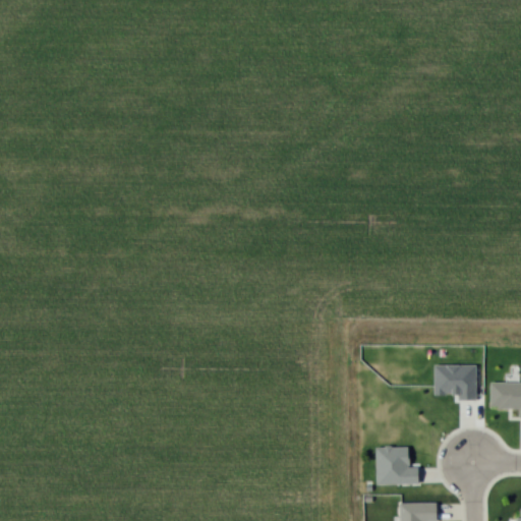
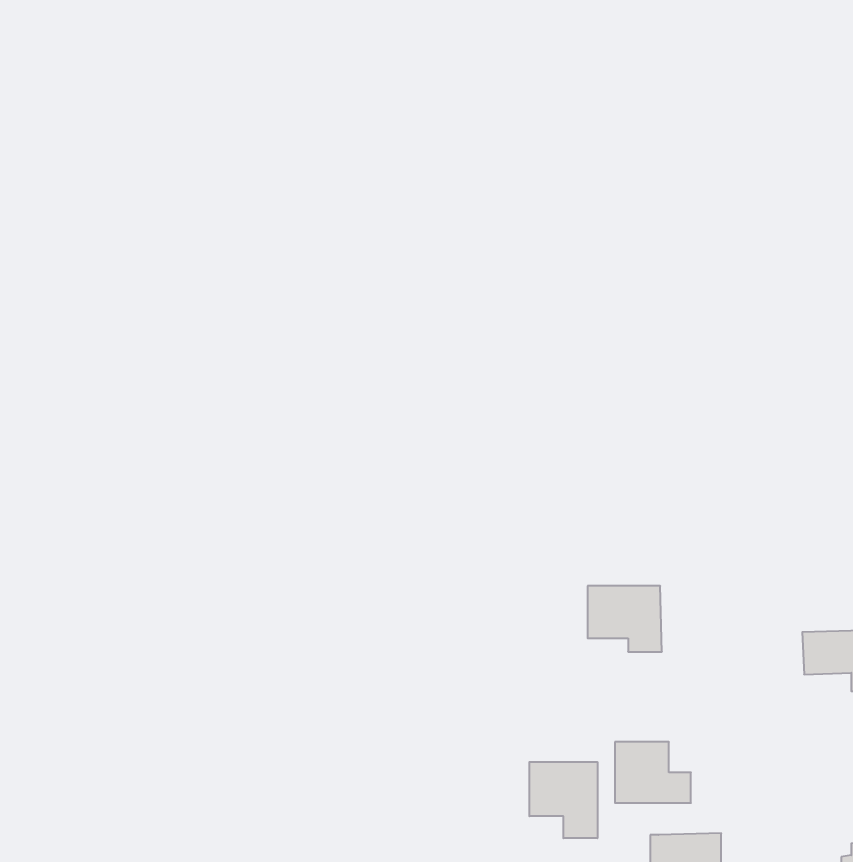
building: [433,363,478,403] -> [588,586,662,652]
building: none -> [529,762,597,838]

